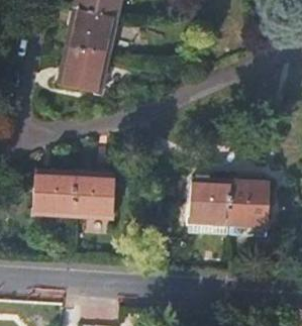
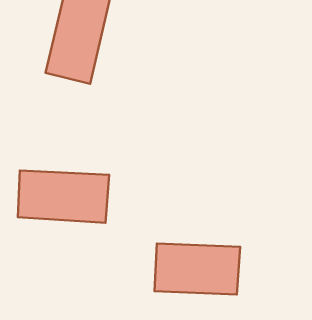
building: [190,179,268,225] -> [154,244,240,295]

